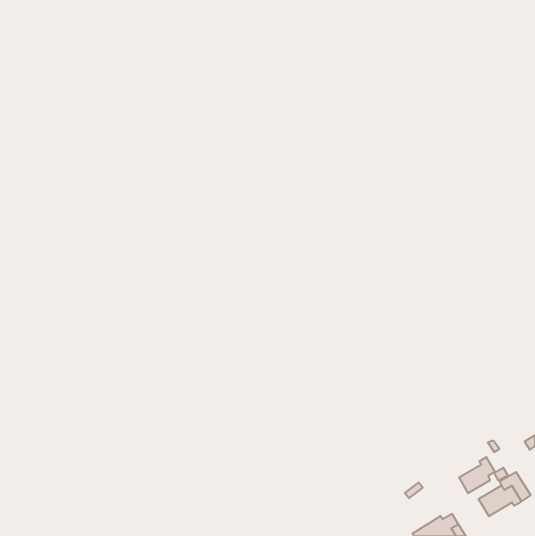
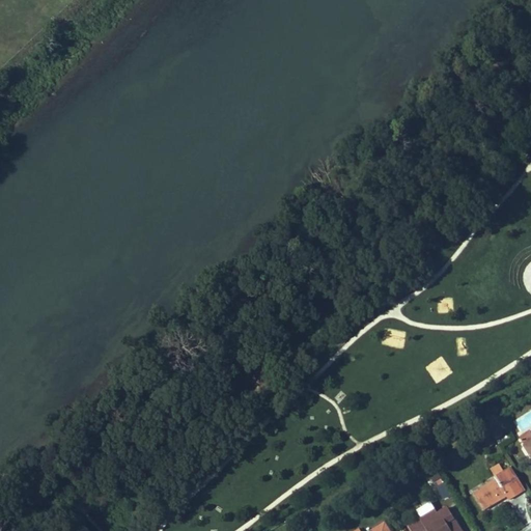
building: [459,457,495,493] -> none

